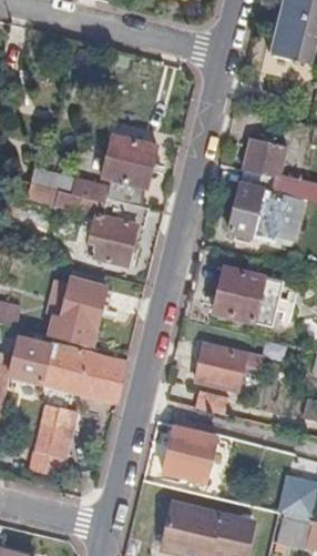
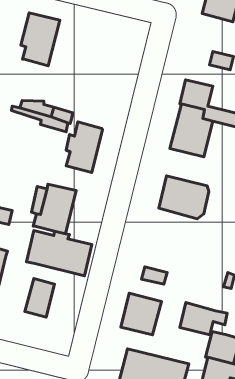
building: [101,134,153,205] -> [21,13,60,66]
building: [9,335,47,384] -> none
building: [197,346,260,390] -> [180,303,227,335]

